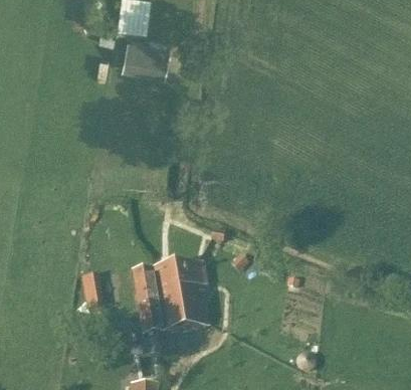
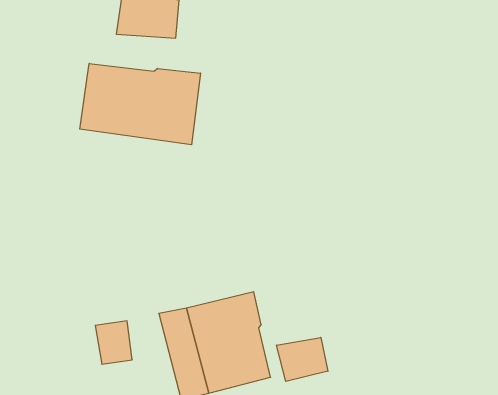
building: none -> [80,63,200,145]
building: none -> [277,337,328,381]

